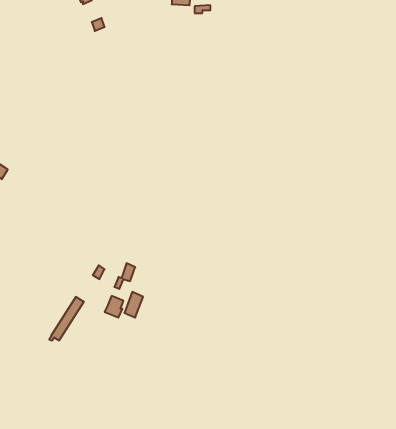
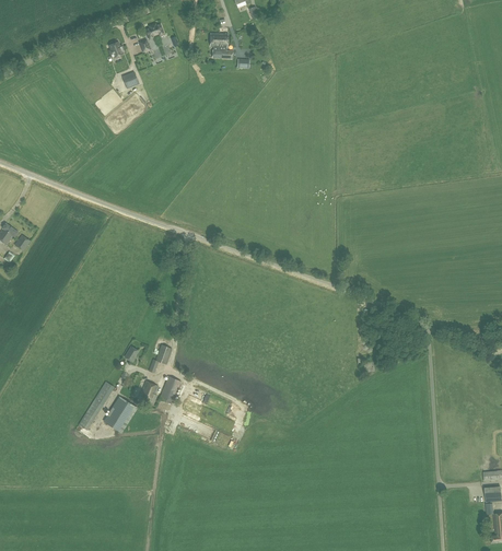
building: none -> [104,400,133,433]

